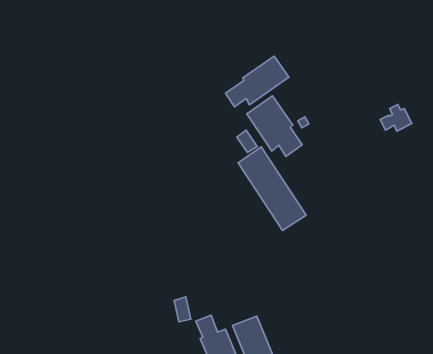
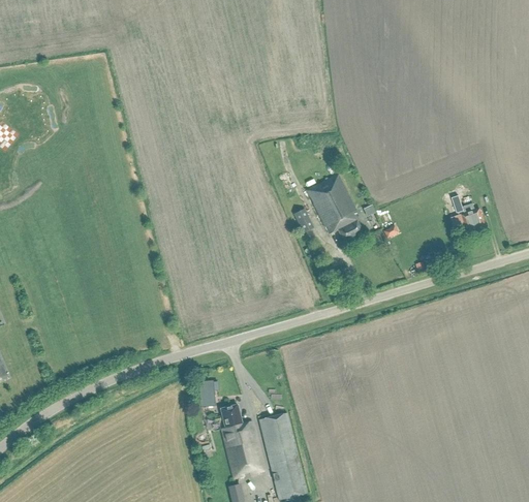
building: [225,56,289,107] -> none
building: [238,147,306,231] -> none

